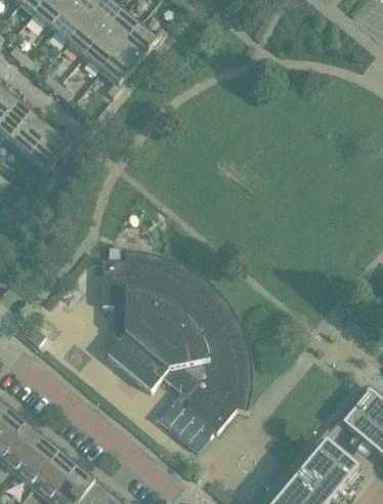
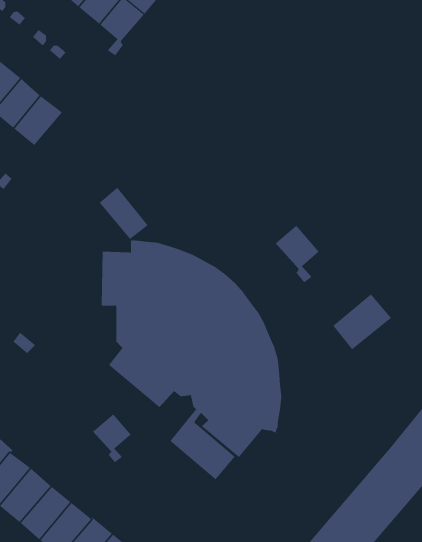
building: none -> [99,187,149,240]
building: none -> [275,225,319,283]
building: none -> [333,294,392,350]
building: none -> [92,414,131,463]

